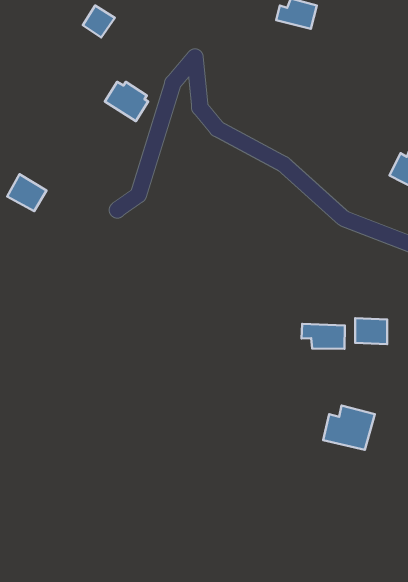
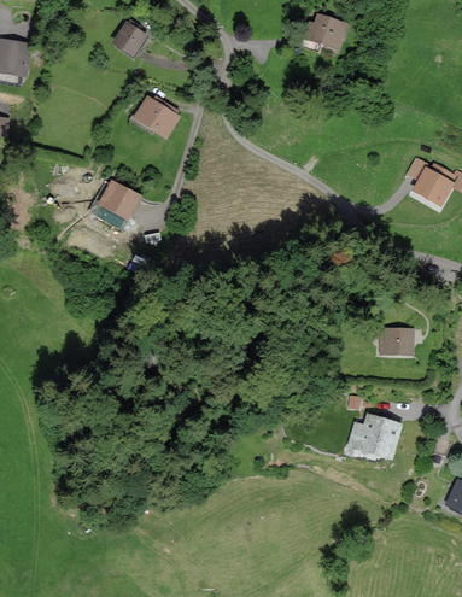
building: [7,174,46,211] -> [100,181,139,217]
building: [302,324,345,349] -> none

